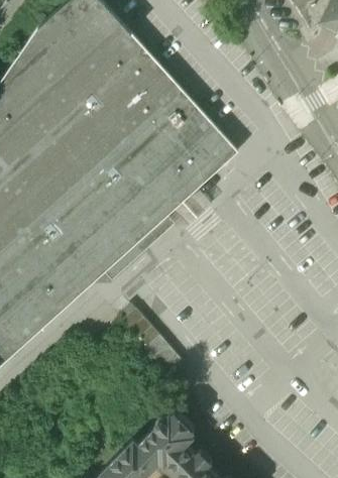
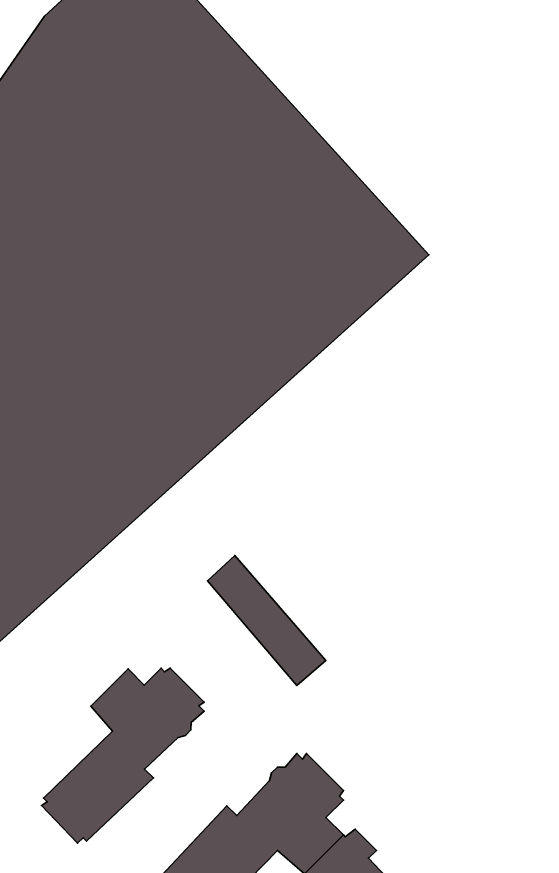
building: none -> [42,668,204,843]

